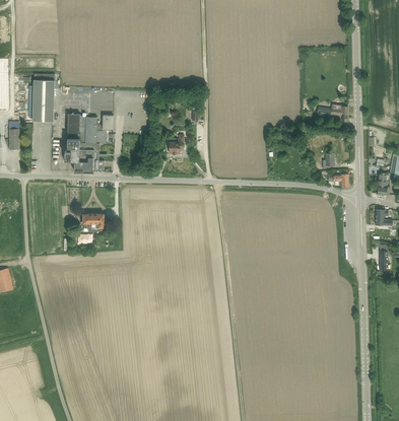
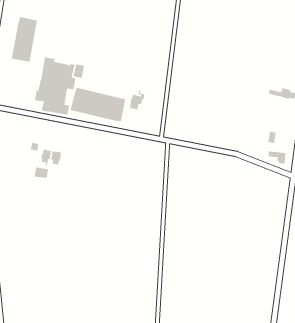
building: none -> [70,87,126,122]

